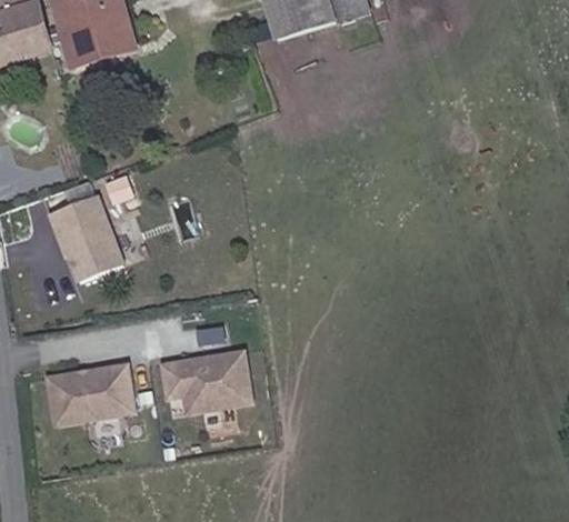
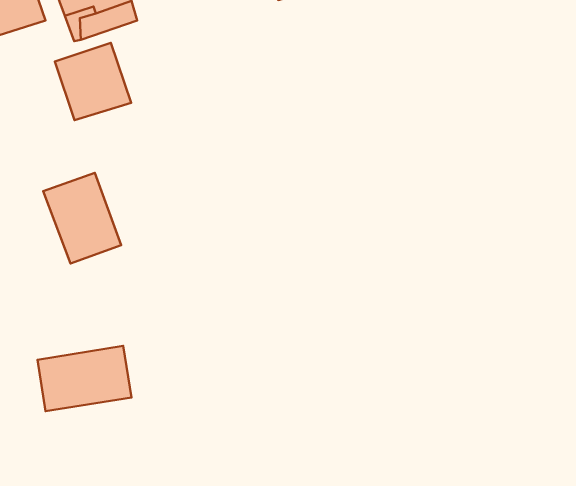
building: none -> [55,43,131,120]
building: [157,350,256,420] -> none

